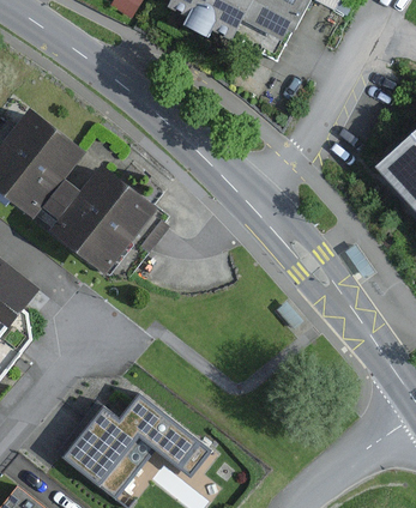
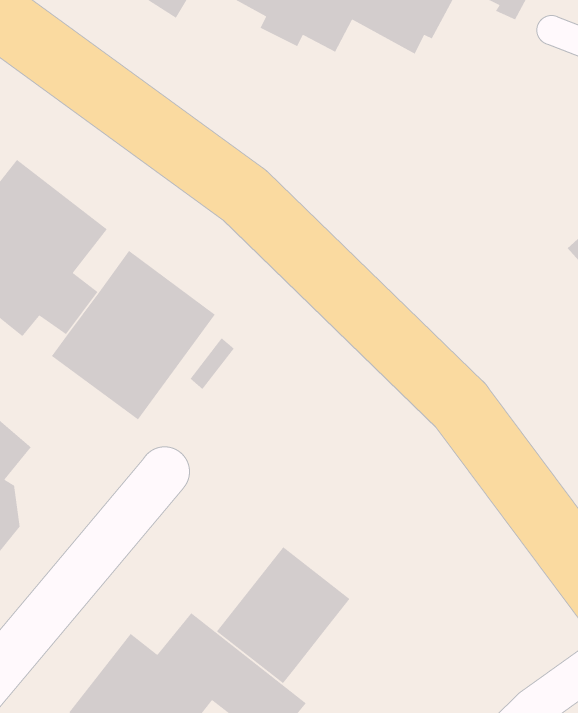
building: none -> [216,546,351,684]

